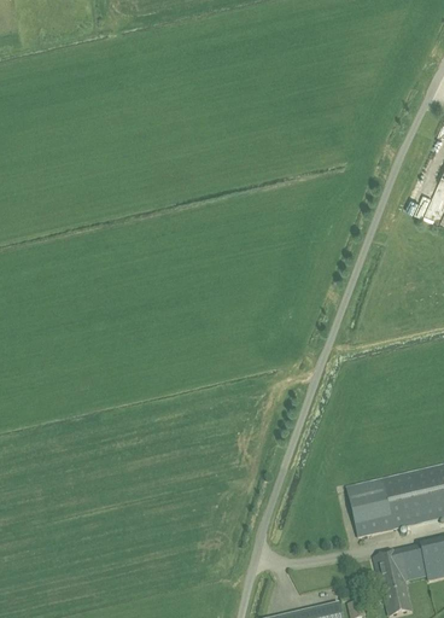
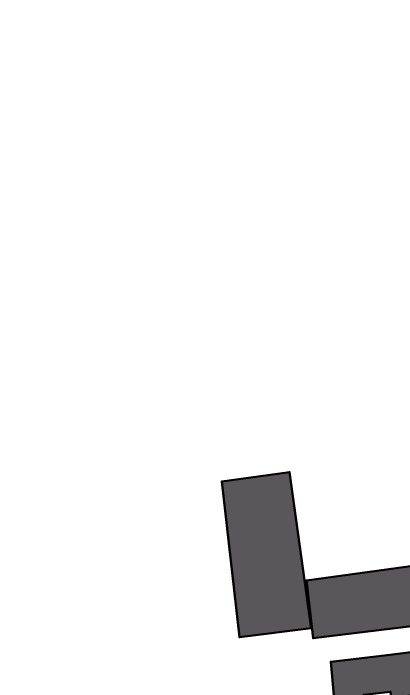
building: none -> [222,472,311,637]

